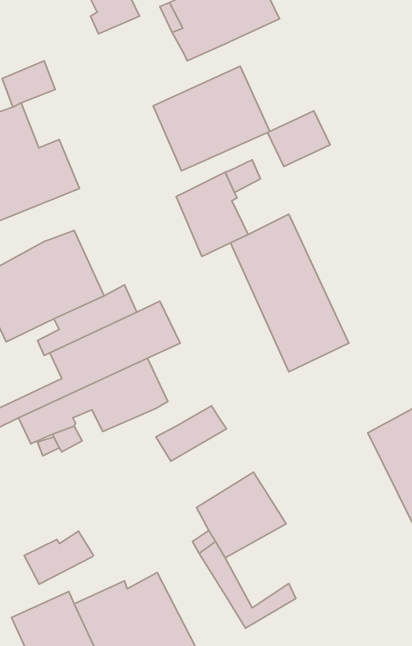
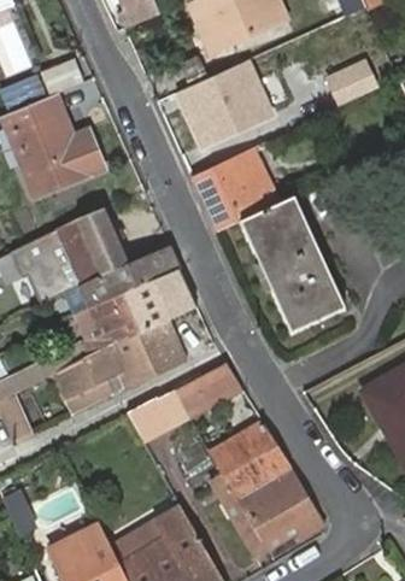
building: [268,111,330,167] -> [323,59,378,108]
building: none -> [236,468,325,542]
building: [24,531,94,584] -> [127,391,188,438]

